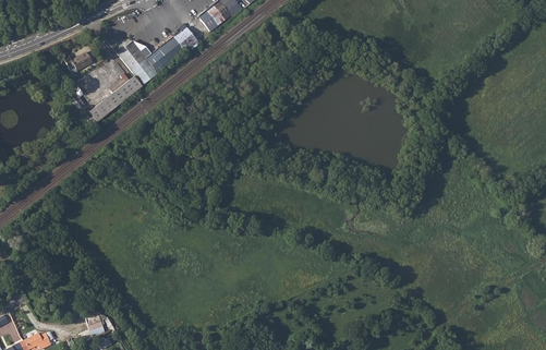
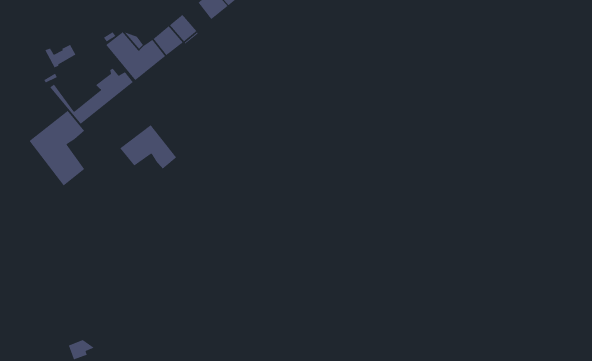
building: none -> [29,110,85,187]
building: none -> [119,124,177,169]

